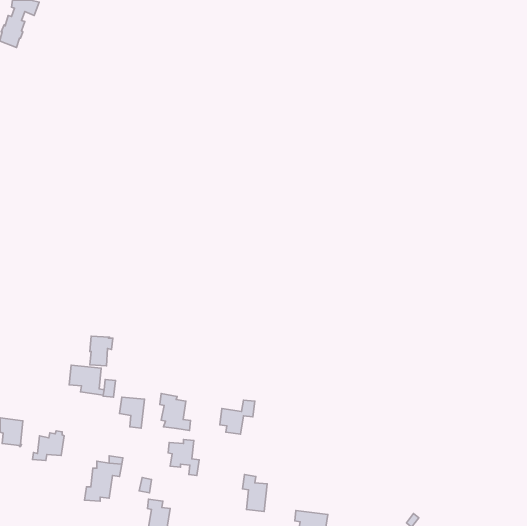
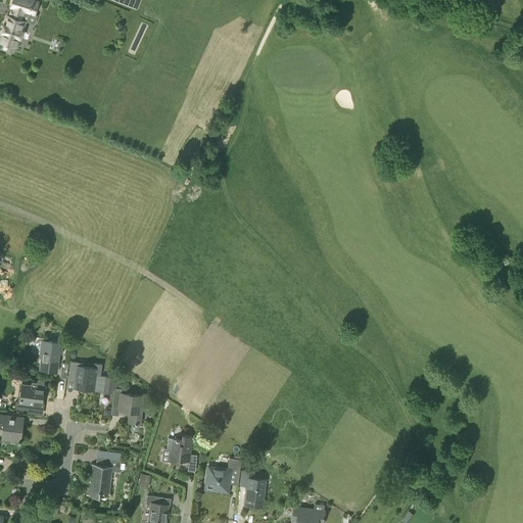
building: [90,336,113,366] -> [41,342,63,372]
building: [160,393,191,431] -> none
building: [220,400,255,434] -> [206,459,241,492]
building: [32,431,64,461] -> [14,381,46,411]

